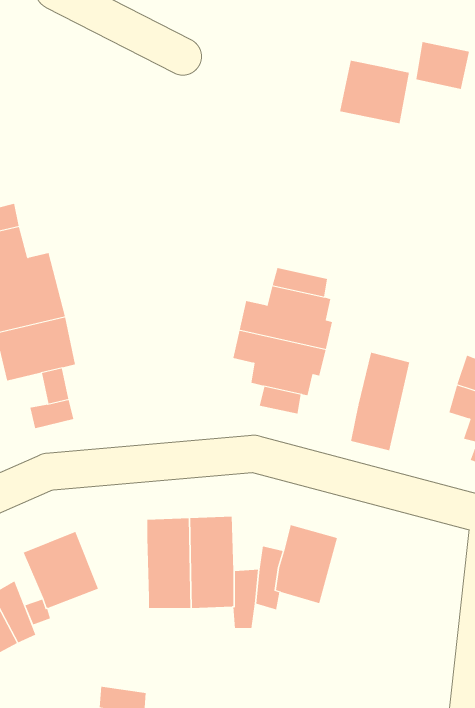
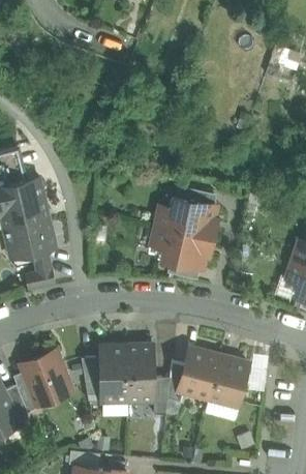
building: [340,60,409,124] -> none
building: [350,352,410,451] -> none
building: none -> [81,357,100,394]
building: none -> [208,357,249,406]

